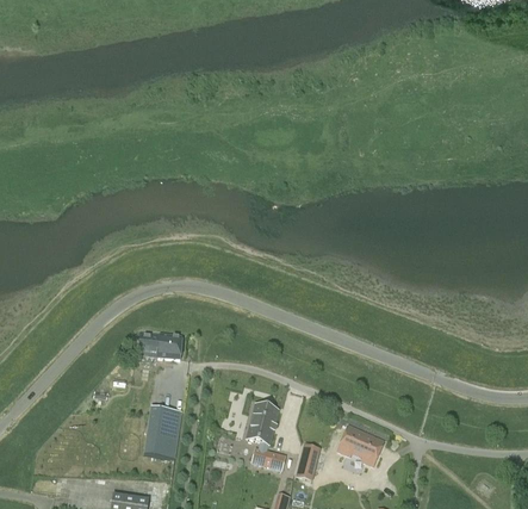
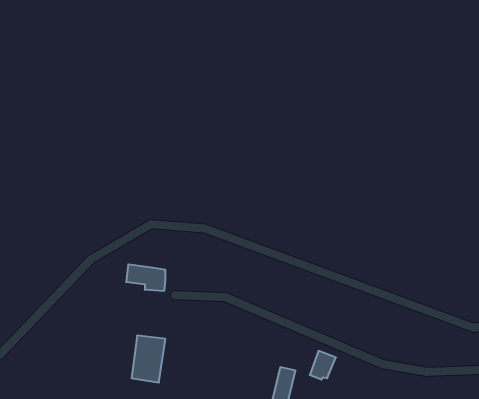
building: [244,403,286,471] -> none
building: [358,432,385,465] -> none

